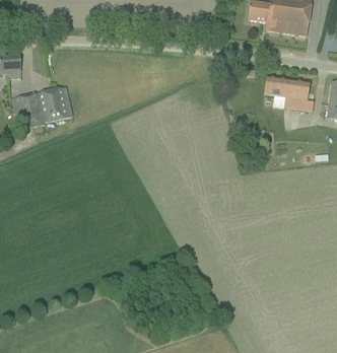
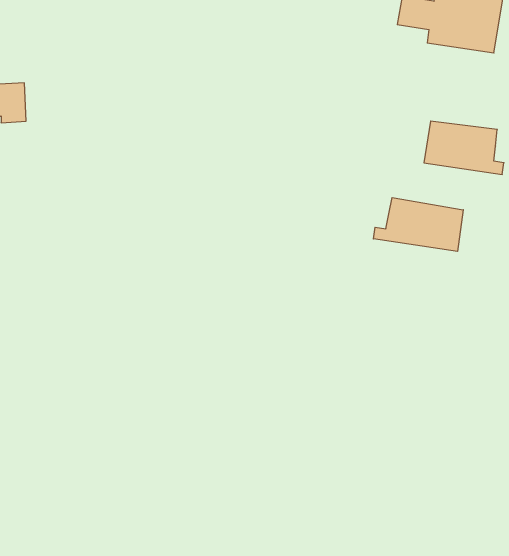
building: [11,86,72,128] -> none
building: none -> [373,198,463,251]

